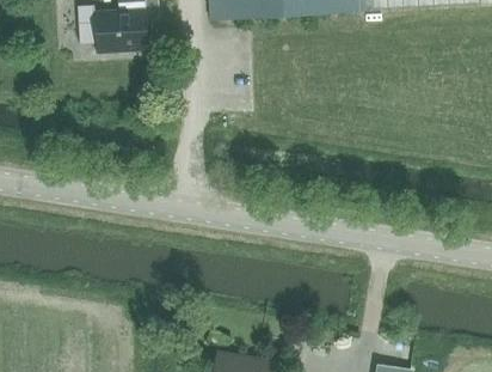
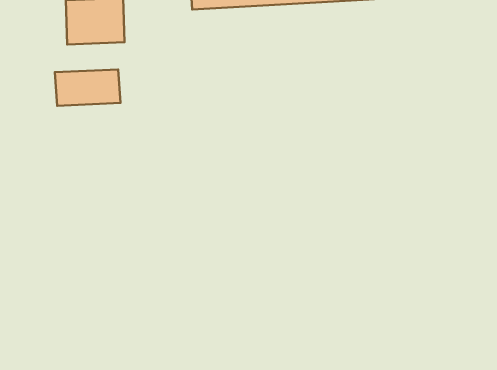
building: none -> [55,69,120,106]

